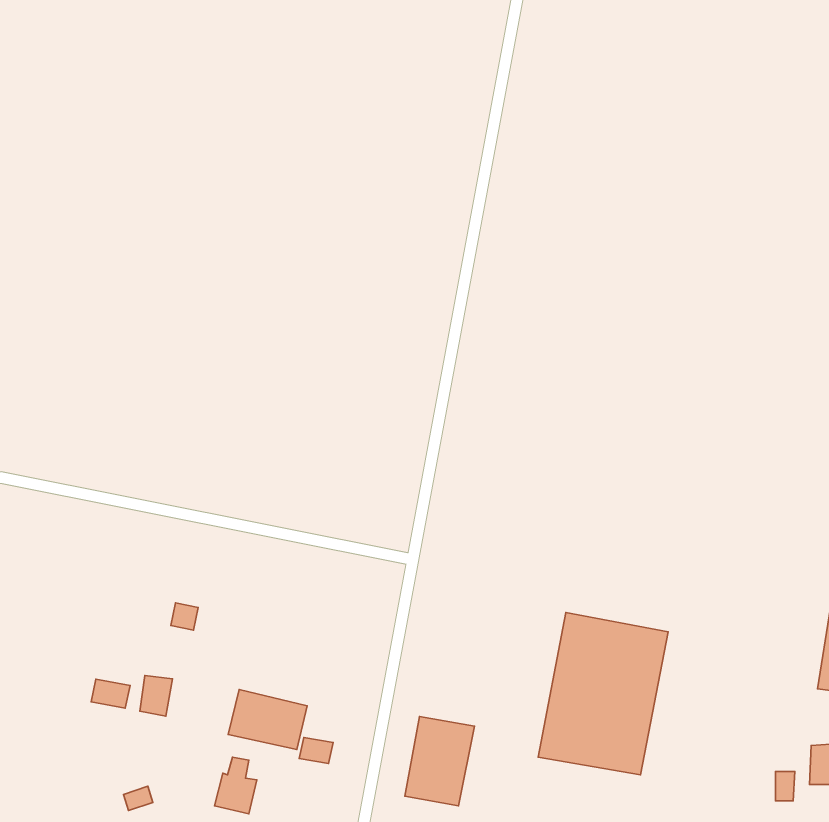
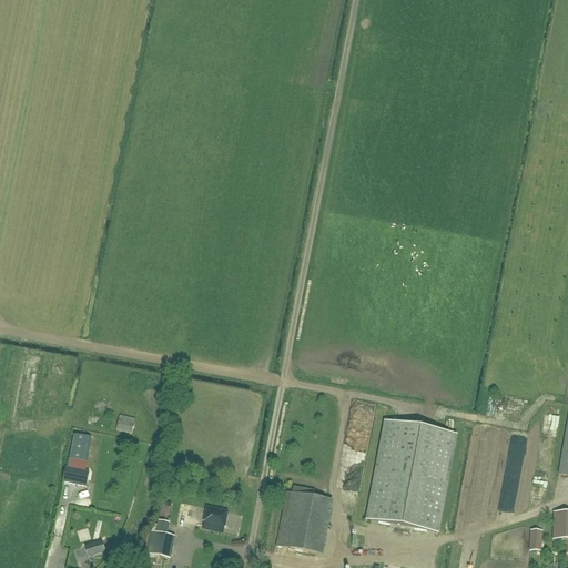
building: [140,675,172,716] -> [71,432,93,459]
building: [228,690,307,749] -> none

